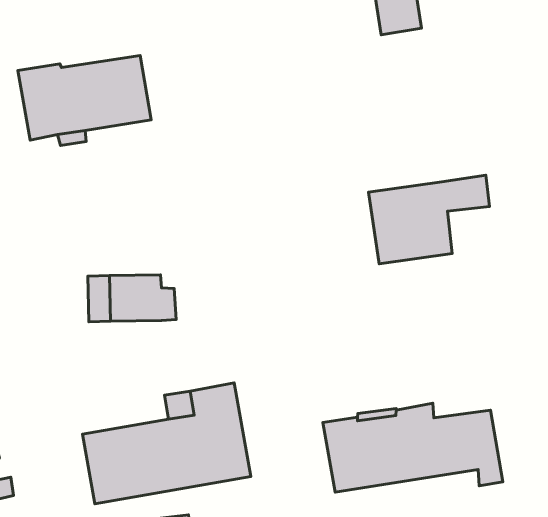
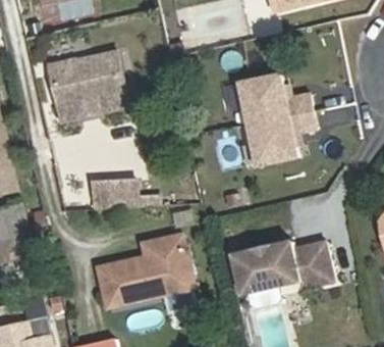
building: none -> [239,75,313,122]

